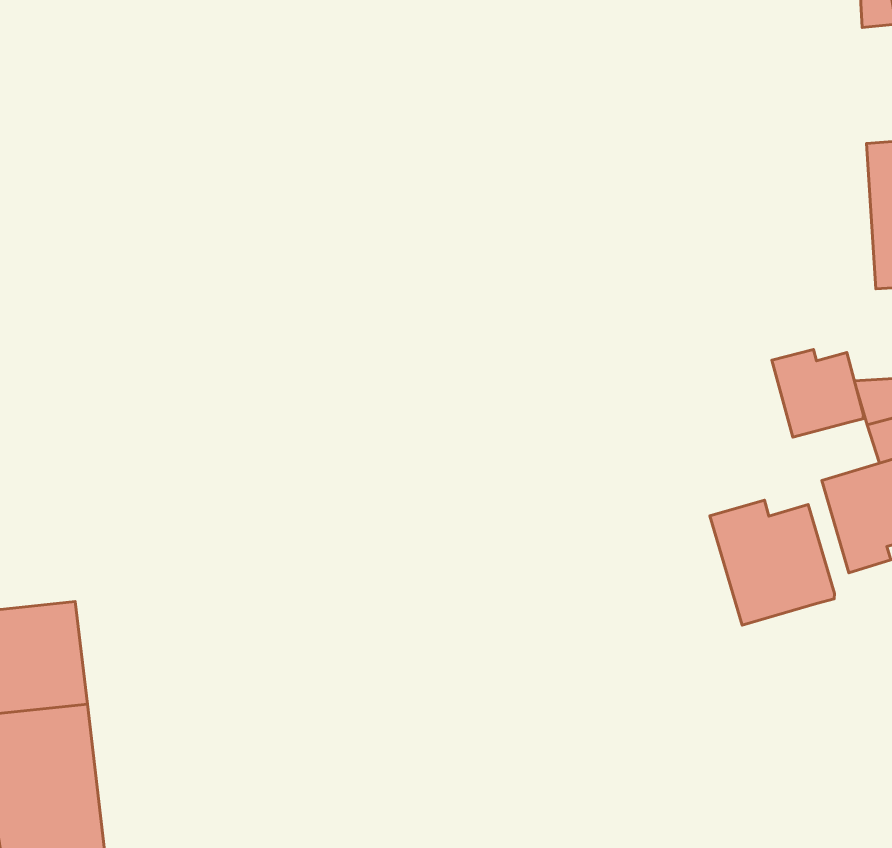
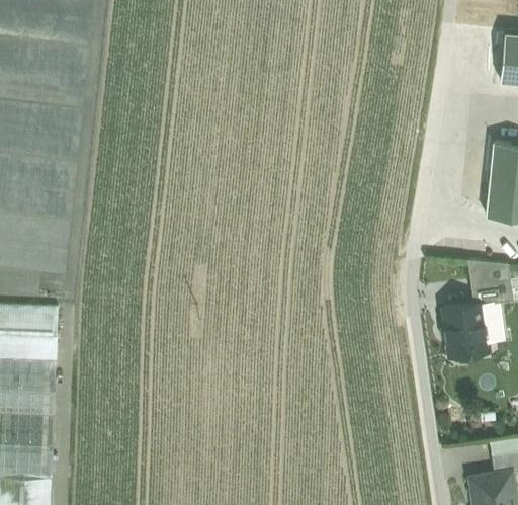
building: [772,349,863,437] -> none
building: [710,500,834,625] -> none

